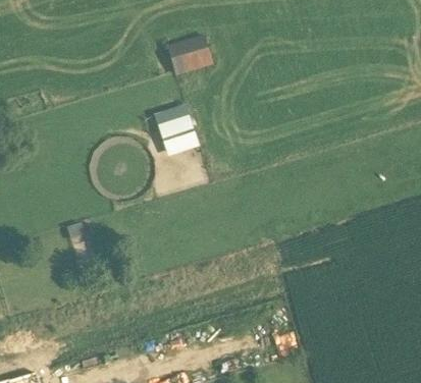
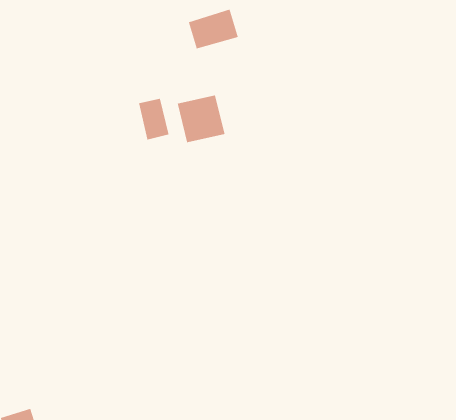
building: none -> [138,98,170,140]

